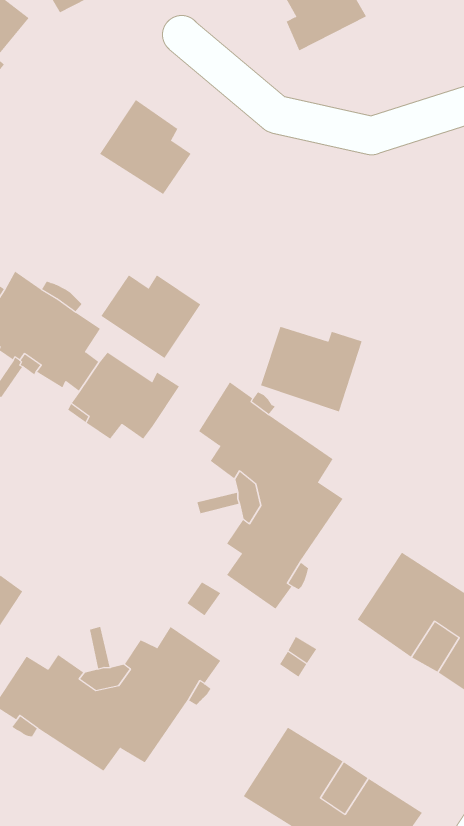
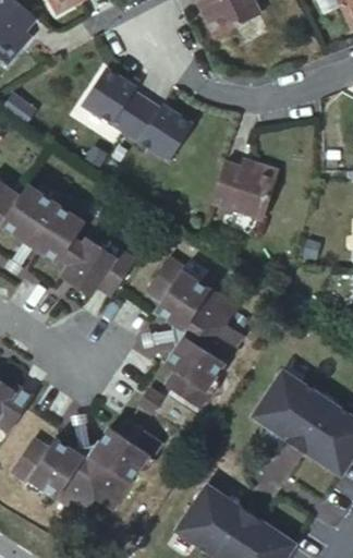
building: [100,275,201,359] -> [124,107,191,162]
building: [260,326,363,412] -> [211,161,279,218]

